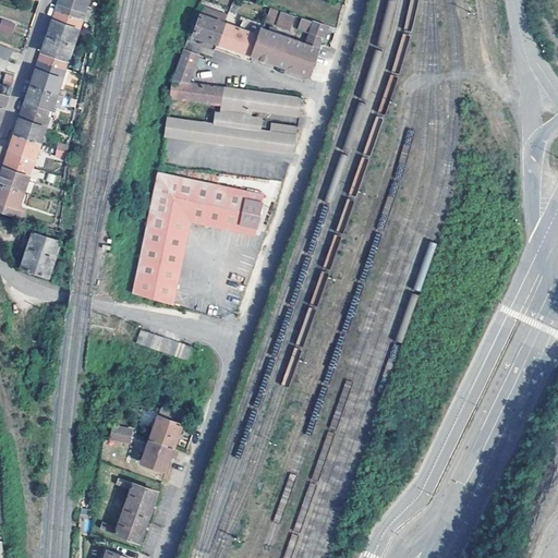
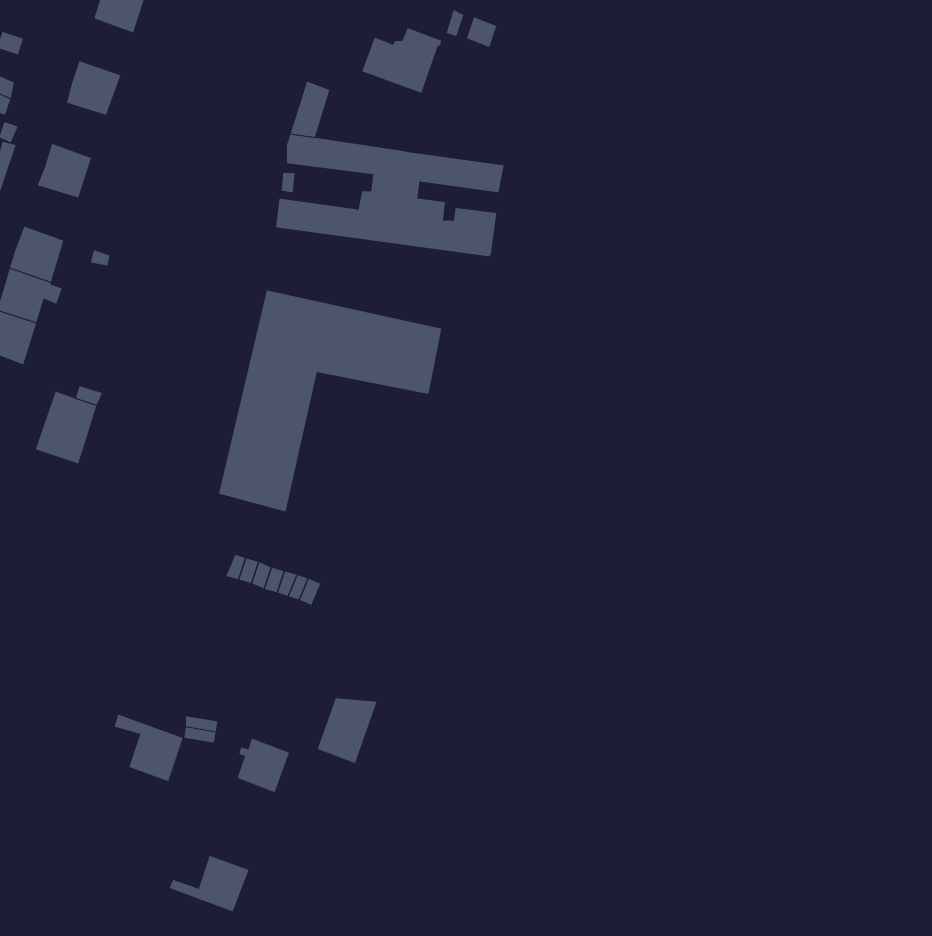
building: [47,11,80,45] -> none
building: [182,13,222,53] -> none
building: [251,17,326,75] -> none
building: [31,61,63,94] -> none
building: [14,110,47,143] -> none
building: [149,408,185,447] -> [317,698,377,764]
building: [116,476,157,517] -> [114,714,183,782]

